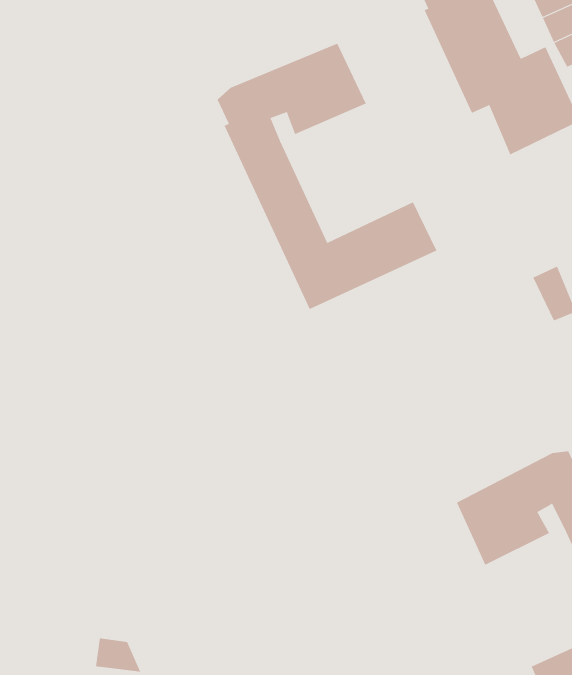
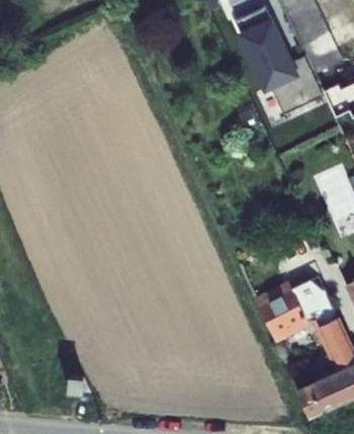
building: [217,43,437,310] -> none

